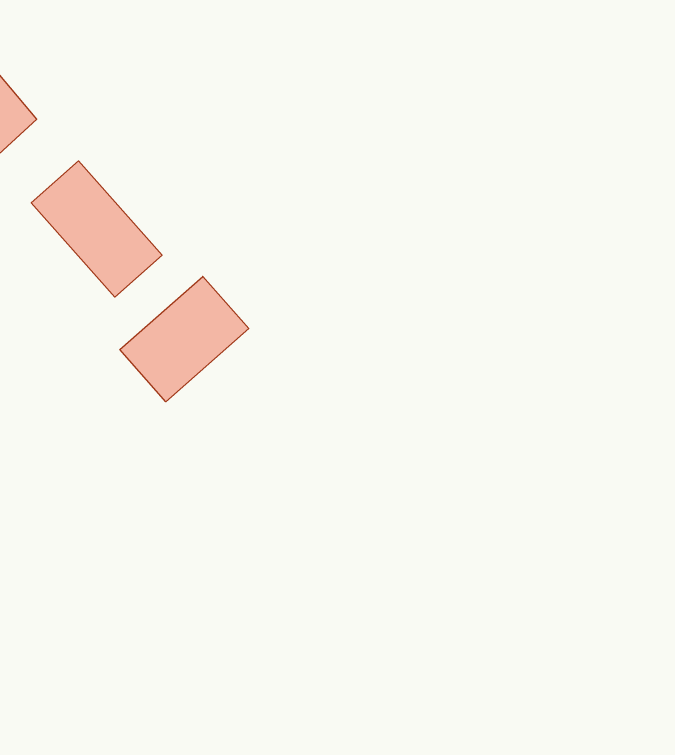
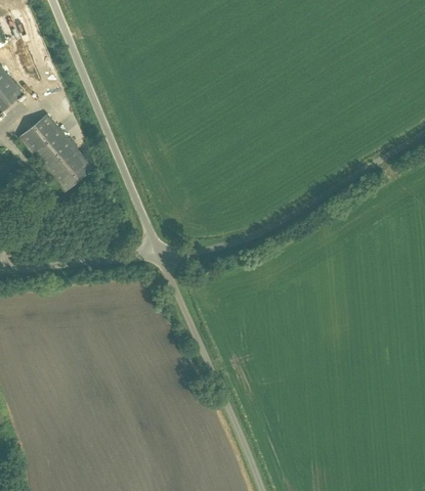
building: [120,276,249,402] -> none

